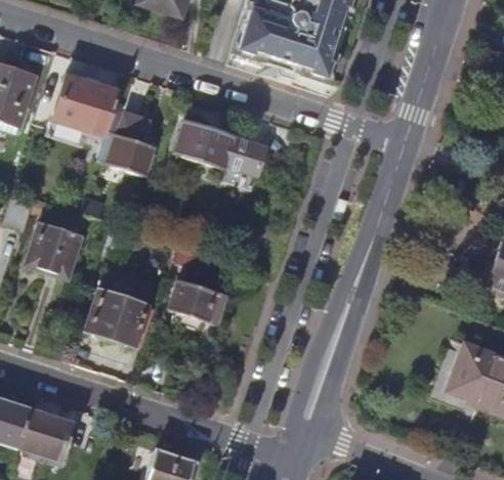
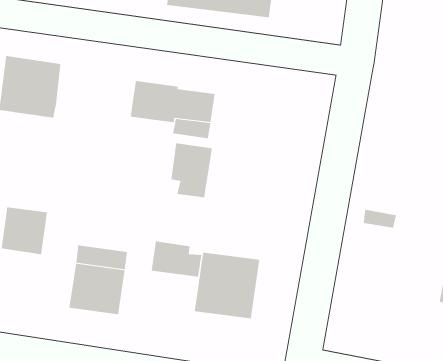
building: [97,113,151,172] -> none
building: none -> [171,142,212,198]
building: none -> [194,252,260,319]

